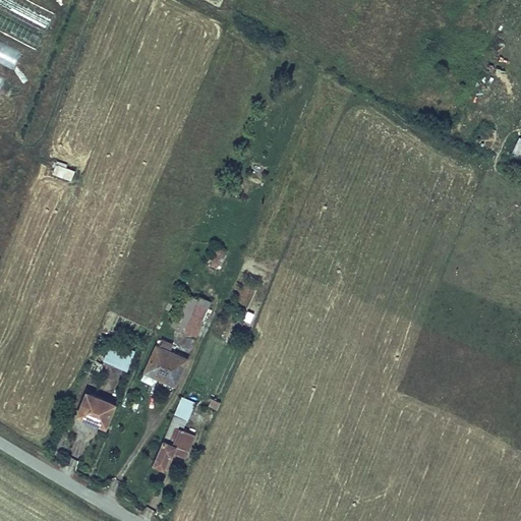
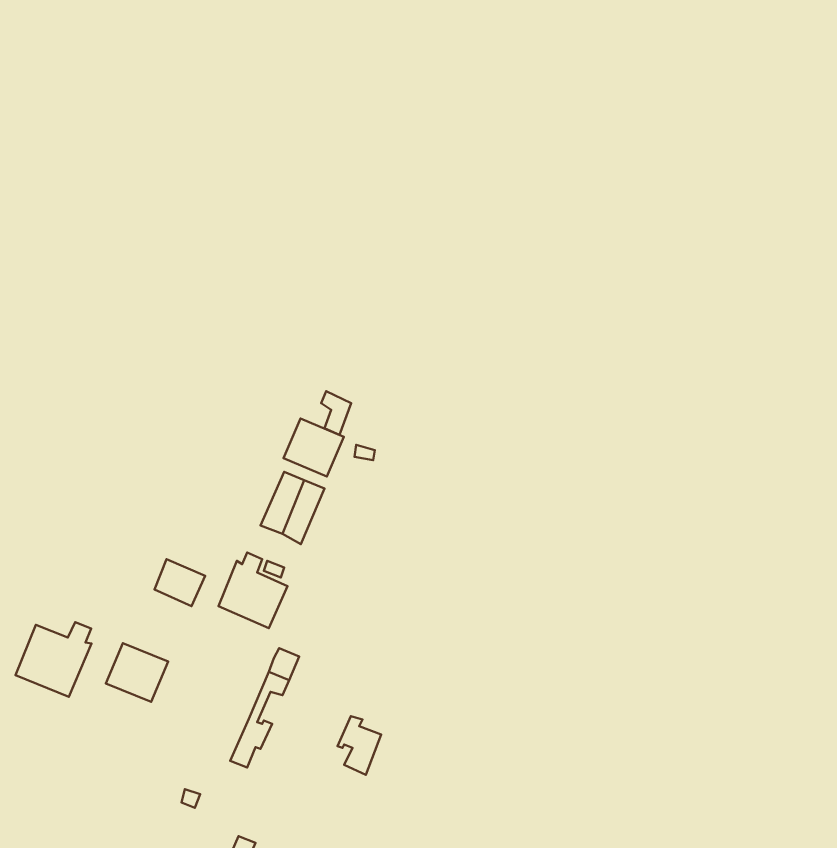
building: none -> [284,419,344,476]
building: none -> [16,622,92,697]
building: [169,425,195,461] -> [337,716,381,775]

